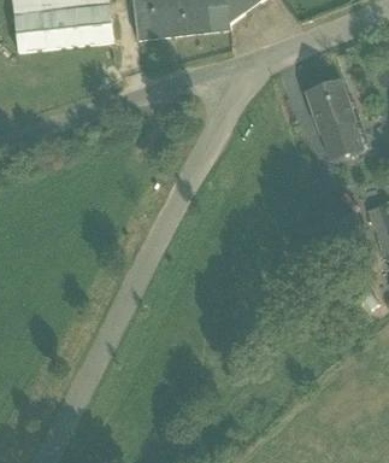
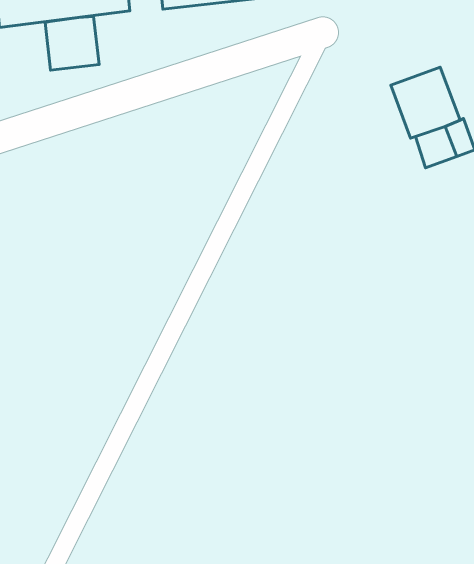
building: none -> [45,17,99,70]

